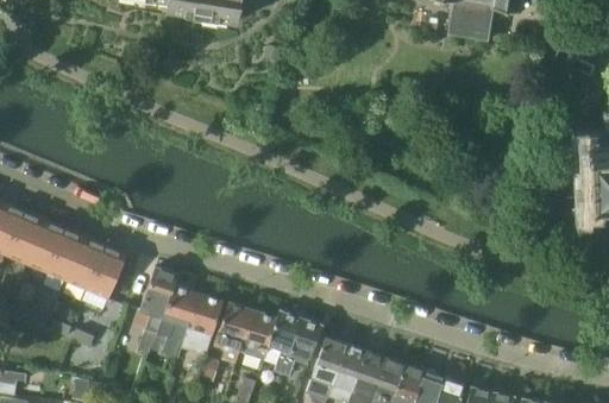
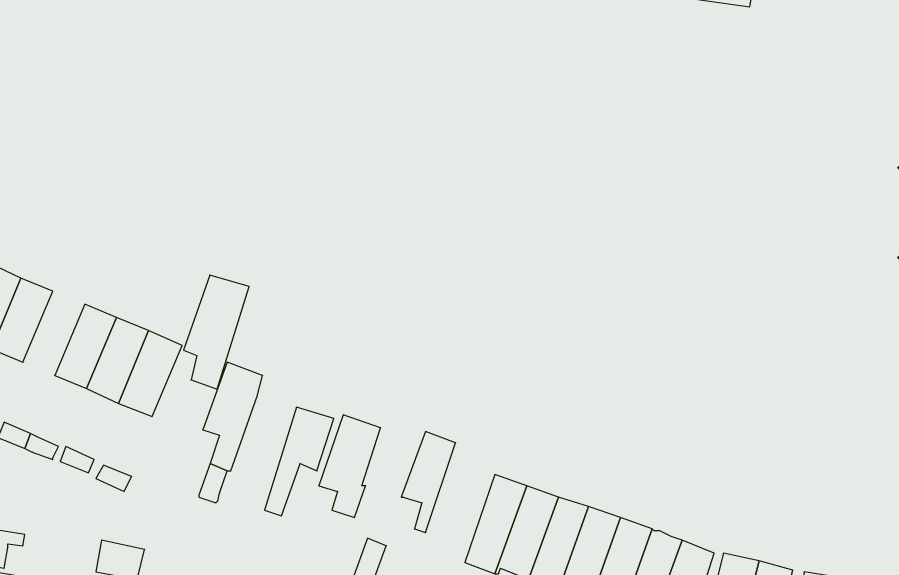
building: [26,220,65,273] -> none
building: [158,286,200,359] -> [184,275,249,389]
building: [241,307,282,360] -> none
building: [282,316,324,377] -> none

